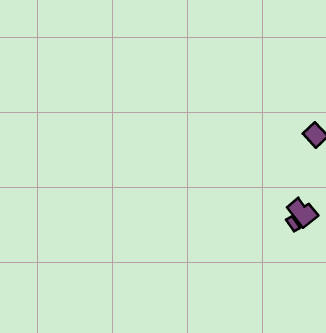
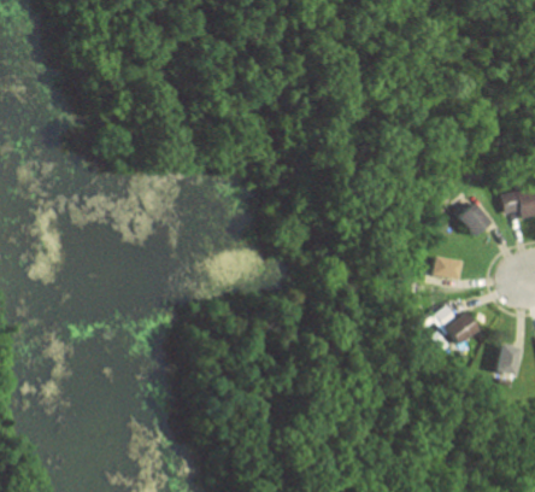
building: none -> [430,256,461,280]

